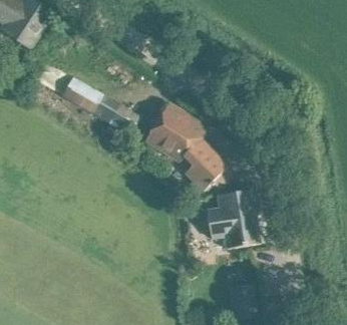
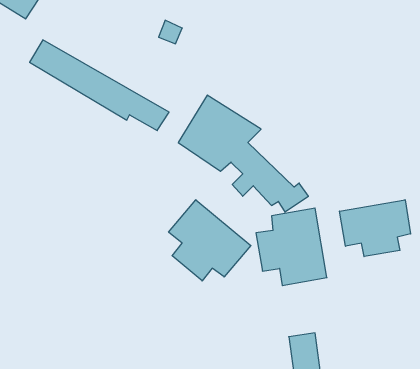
building: none -> [340,200,411,257]
building: none -> [169,200,251,281]

